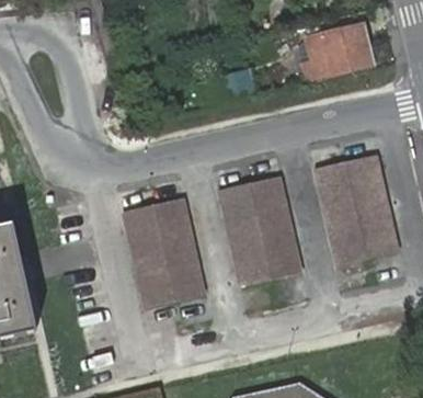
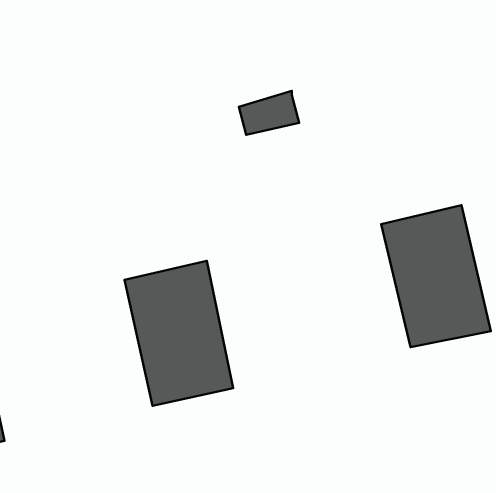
building: [304,31,373,81] -> none
building: [220,177,301,283] -> none

